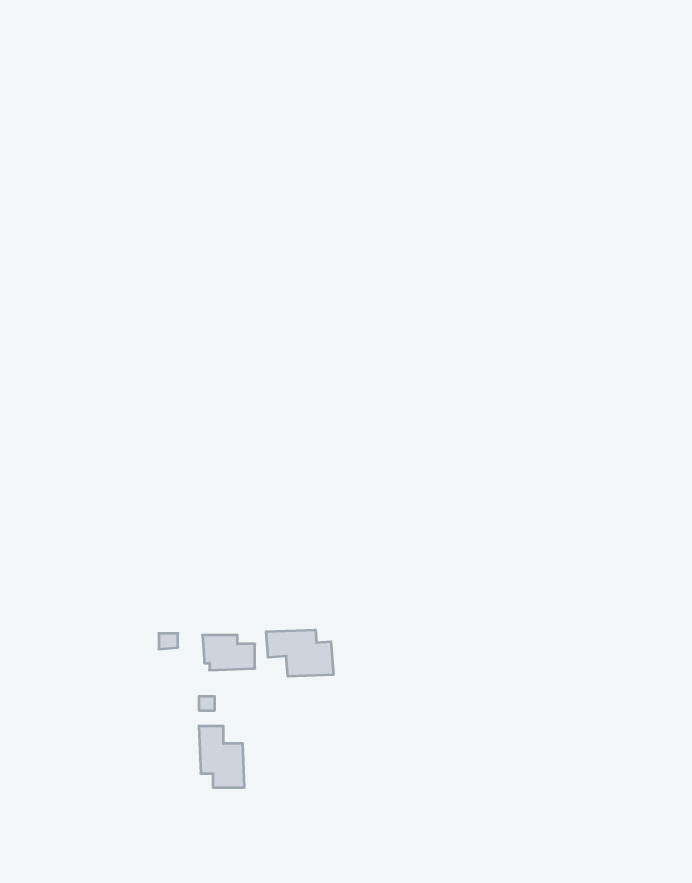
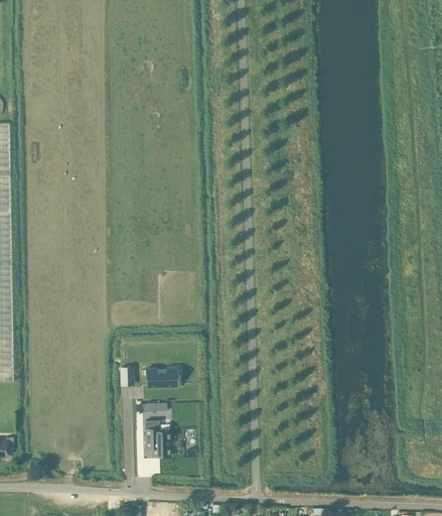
building: [266,630,333,676] -> none

